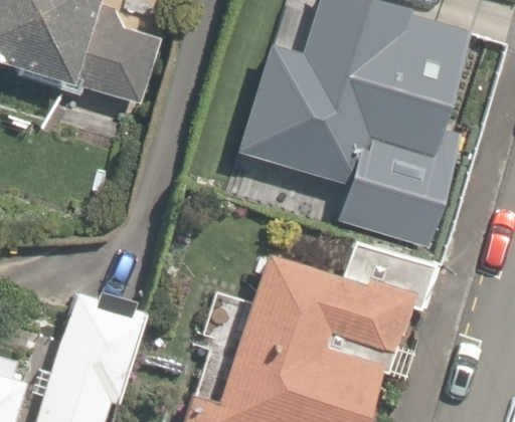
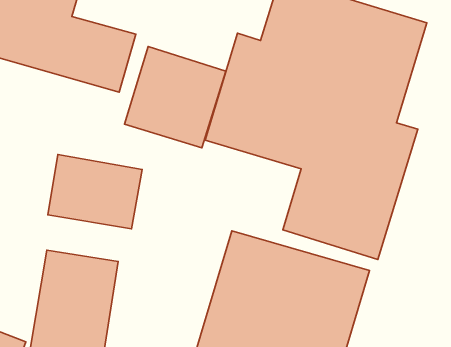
building: none -> [125,47,226,148]
building: none -> [48,155,142,229]

